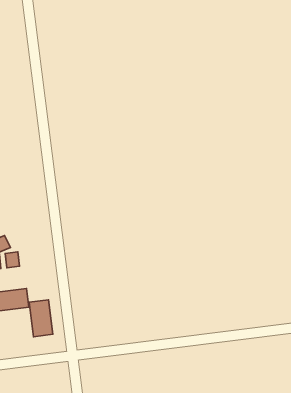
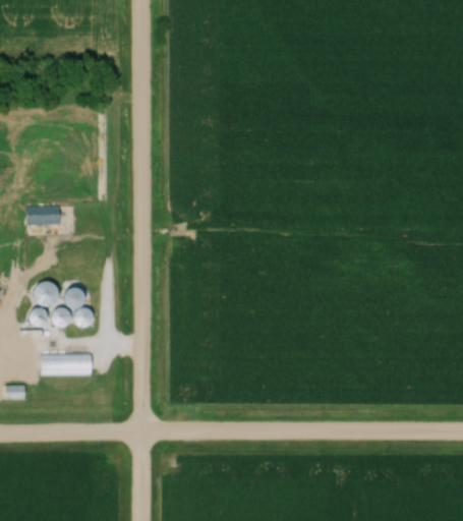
building: [29,300,53,337] -> none

